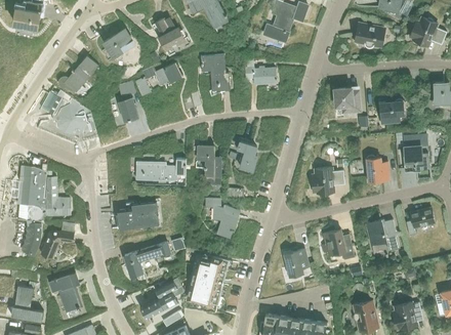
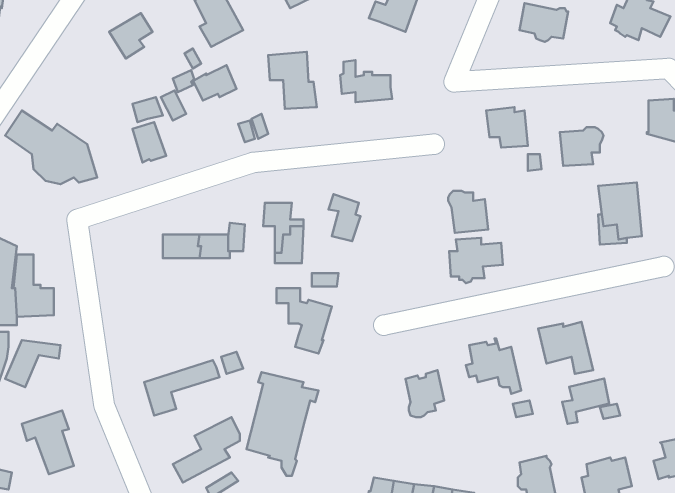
building: [59,55,99,91] -> none
building: [365,156,390,181] -> [448,191,488,233]
building: [116,203,159,227] -> none
building: [406,207,435,235] -> [562,378,609,424]

